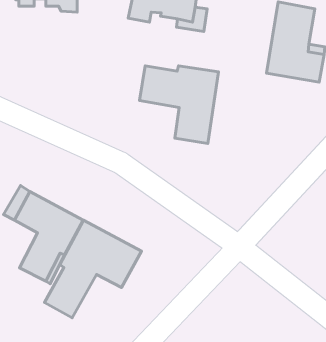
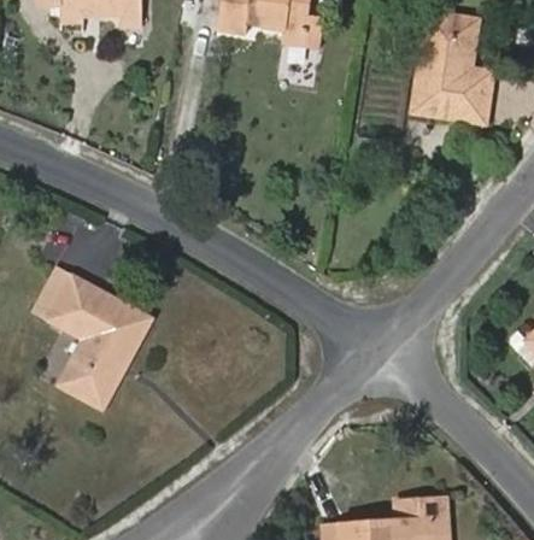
building: [140,66,218,143] -> none
building: [44,220,141,318] -> none

